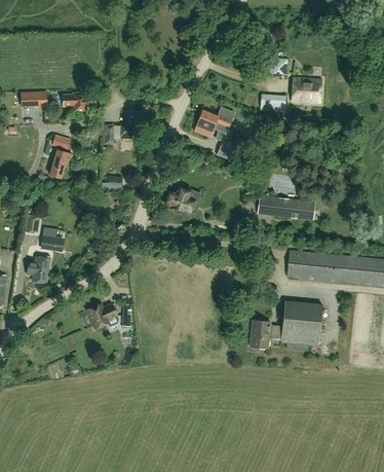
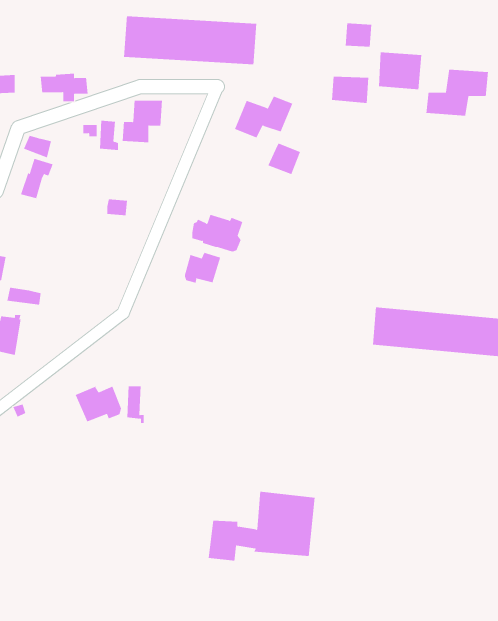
building: none -> [124,15,257,65]
building: none -> [426,69,489,116]
building: [257,194,315,220] -> none
building: none -> [184,252,221,283]
building: [249,300,322,348] -> [208,491,316,561]

